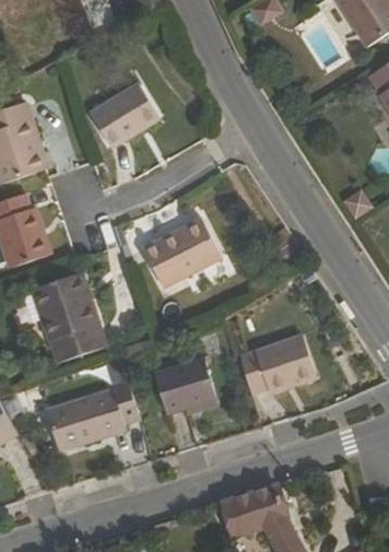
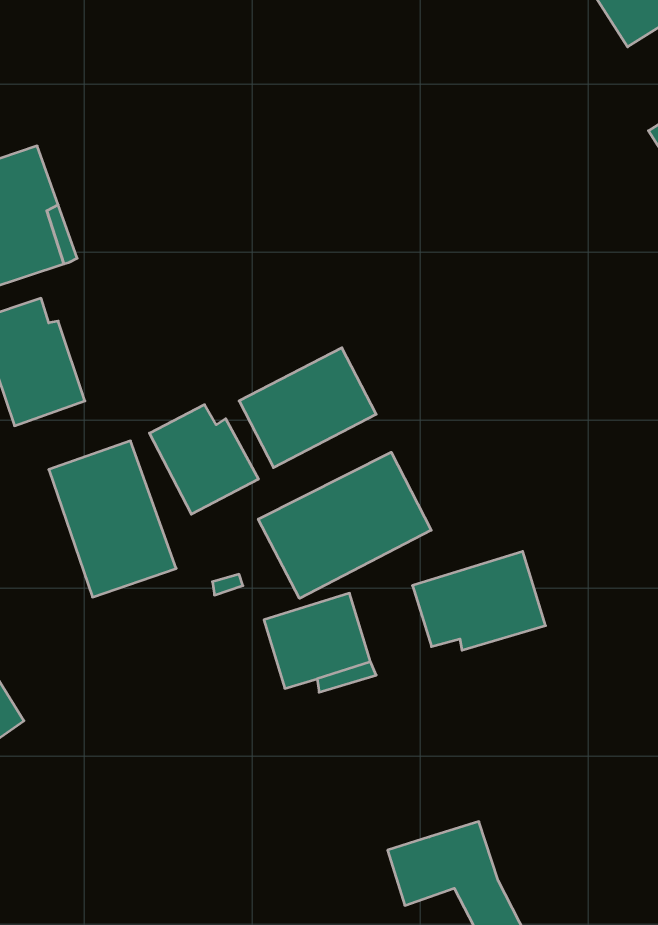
building: [90,84,161,149] -> none
building: none -> [149,405,258,514]
building: none -> [258,452,431,598]
building: [46,380,140,449] -> none

